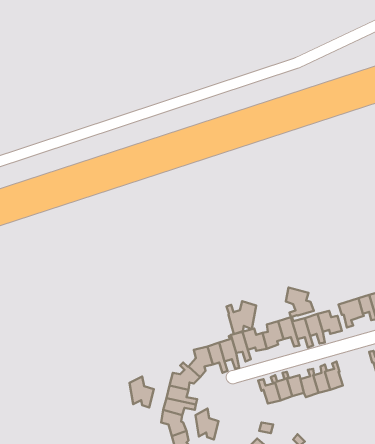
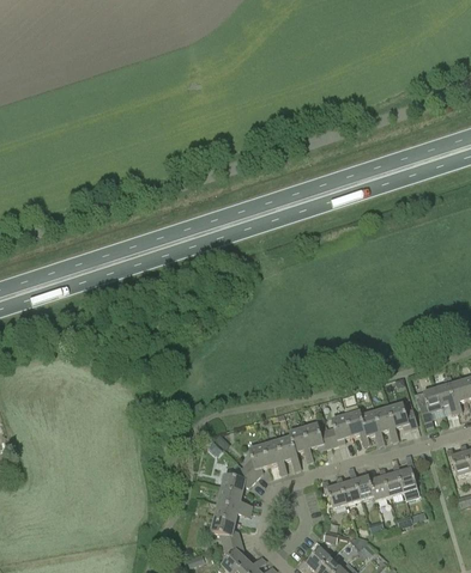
building: [286,288,314,317] -> none
building: [227,301,256,334] -> none
building: [129,376,154,408] -> none
building: [195,409,218,440] -> none

